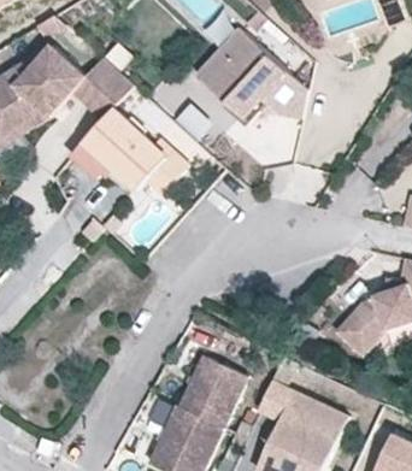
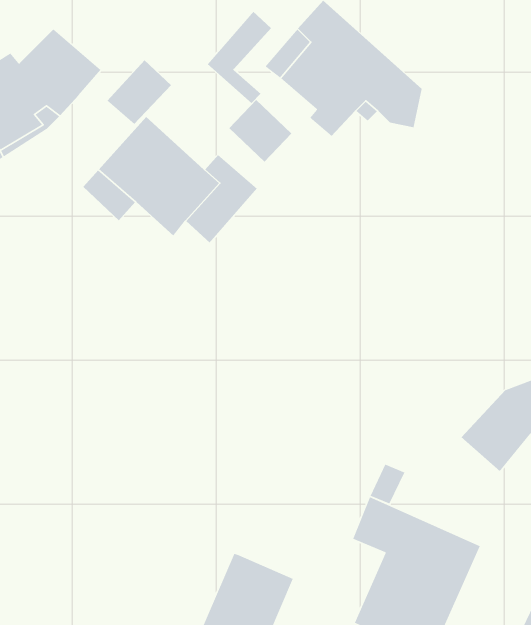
building: [67,55,113,120] -> [207,11,272,104]
building: [179,363,241,431] -> none

